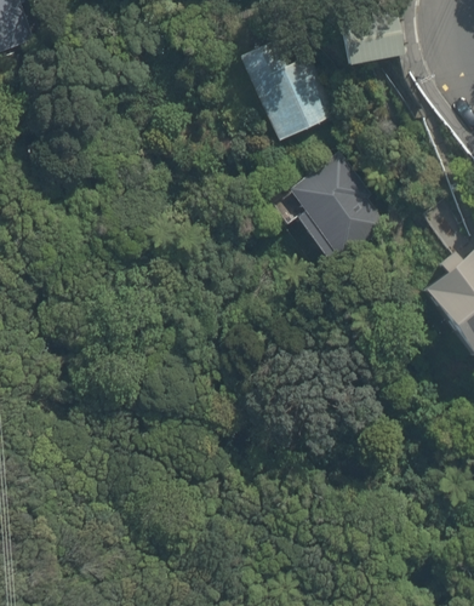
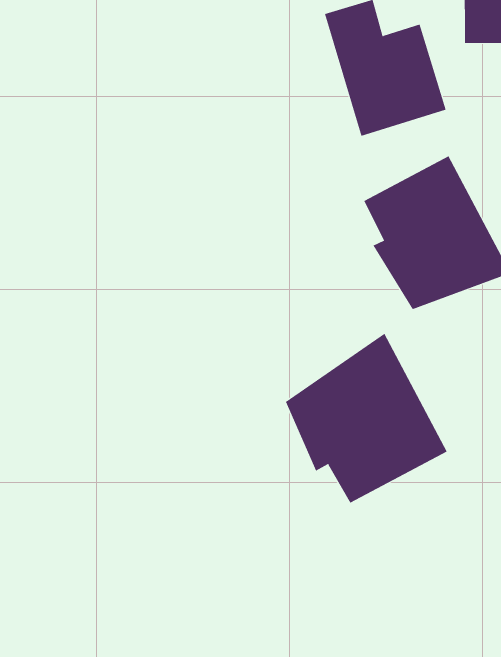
building: none -> [285,333,448,504]

